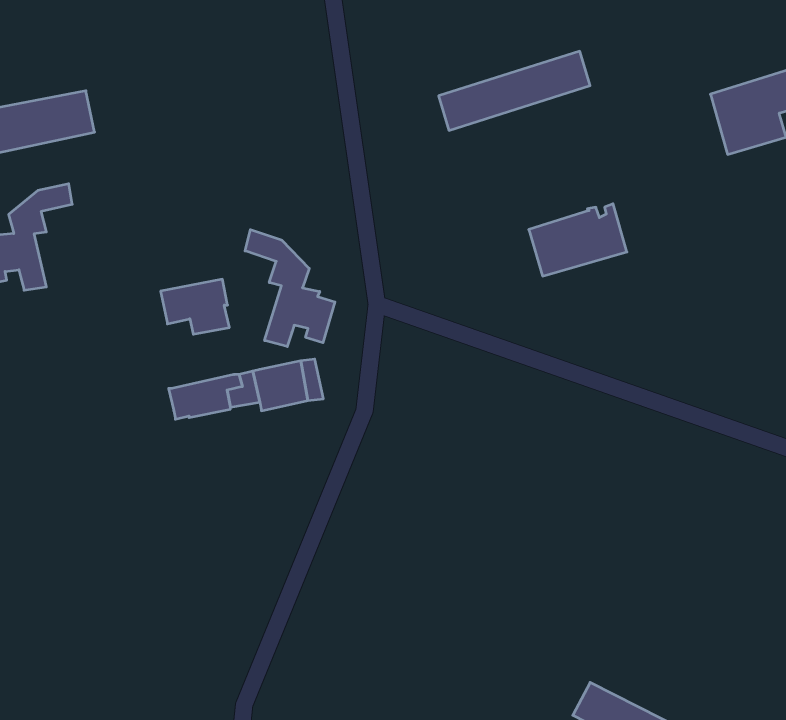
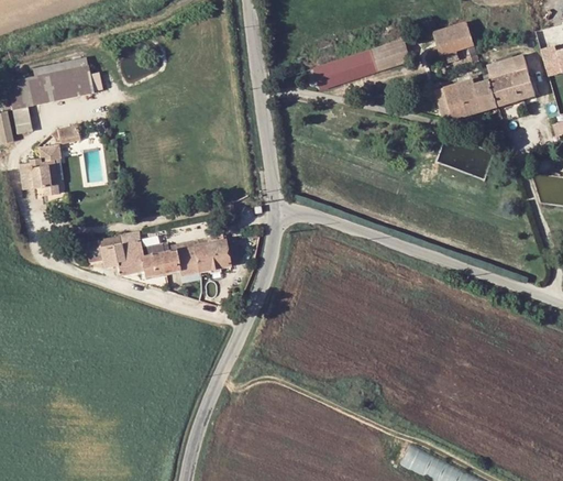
building: none -> [433,22,479,64]
building: [529,204,627,276] -> [435,75,498,121]
building: [245,230,335,347] -> none
building: [161,279,229,334] -> [100,239,144,274]

